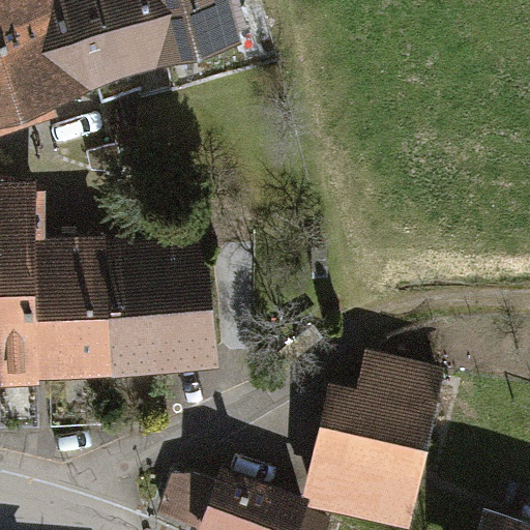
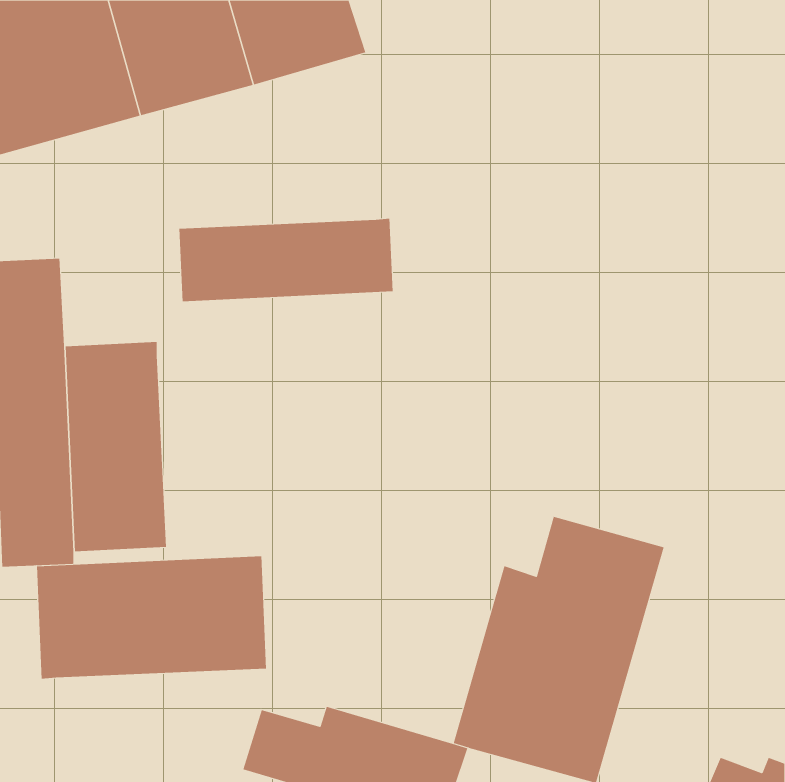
building: none -> [179,218,393,302]
building: [106,238,214,372] -> none
building: none -> [36,556,266,679]

